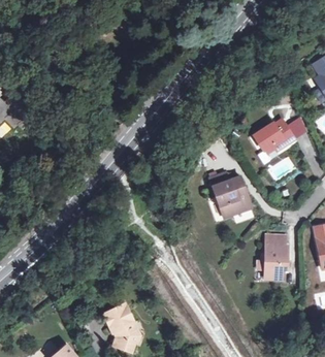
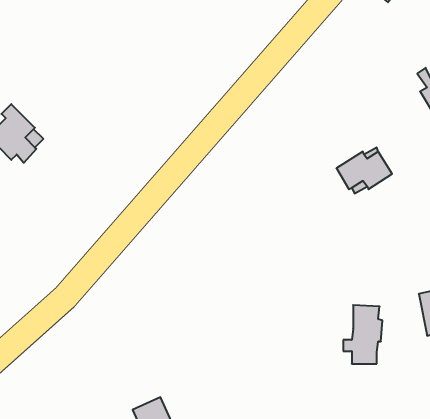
building: [210,172,253,217] -> none

